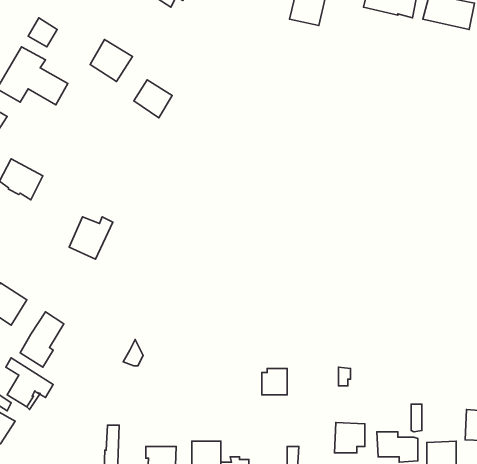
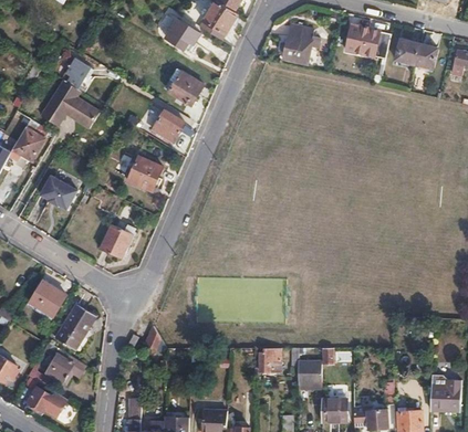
building: [90,39,132,82] -> [168,67,204,103]
building: none -> [126,155,162,189]
building: none -> [299,361,322,386]

